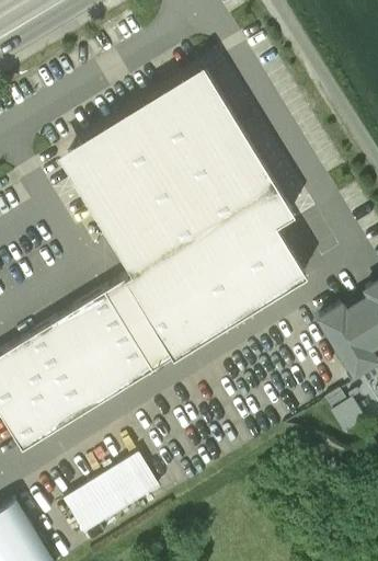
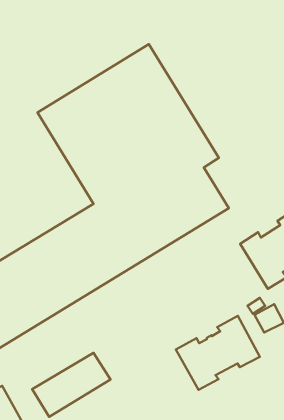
building: none -> [176,316,260,390]

